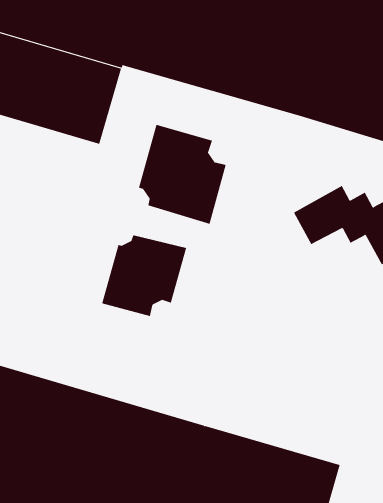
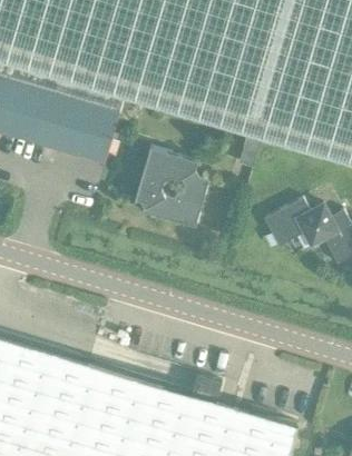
building: [102,234,187,317] -> none

